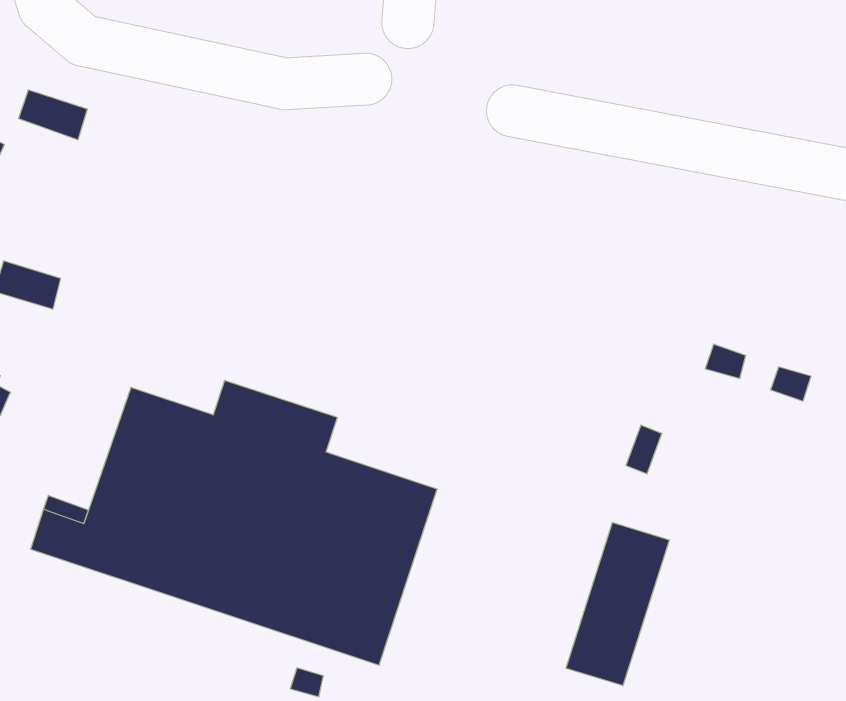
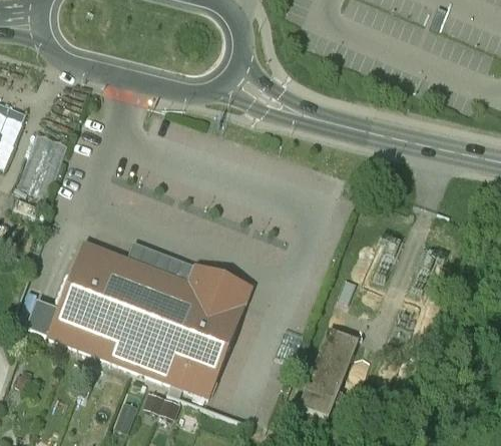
building: [19,90,88,140] -> [22,143,59,171]
building: none -> [185,265,248,305]

